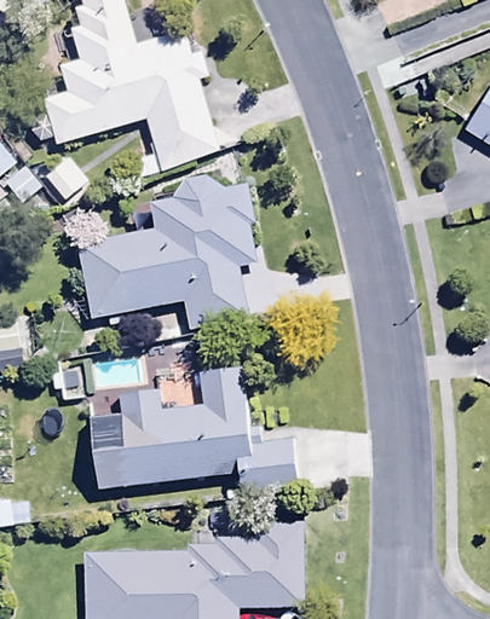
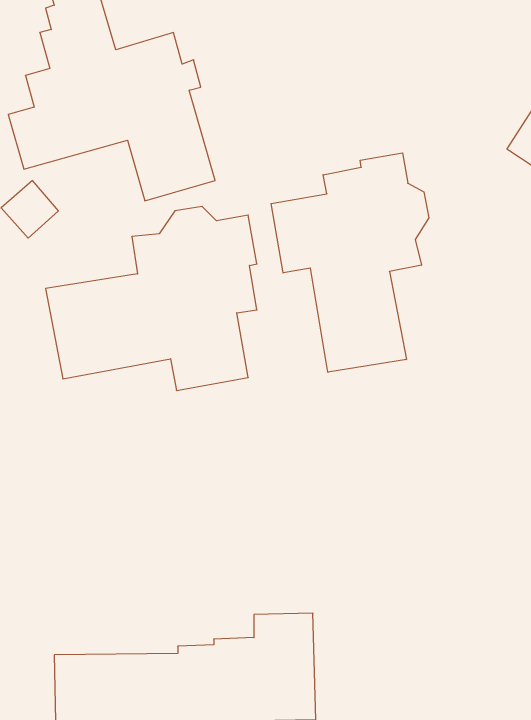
building: none -> [271,153,429,372]
building: [90,365,298,498] -> none

